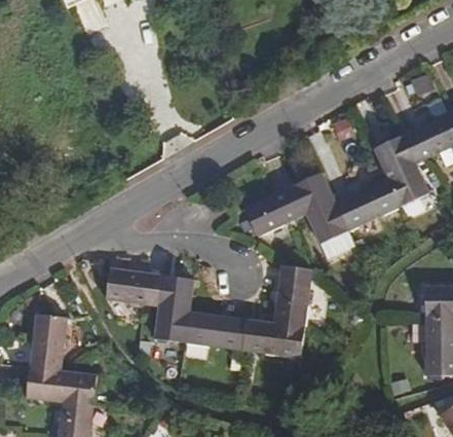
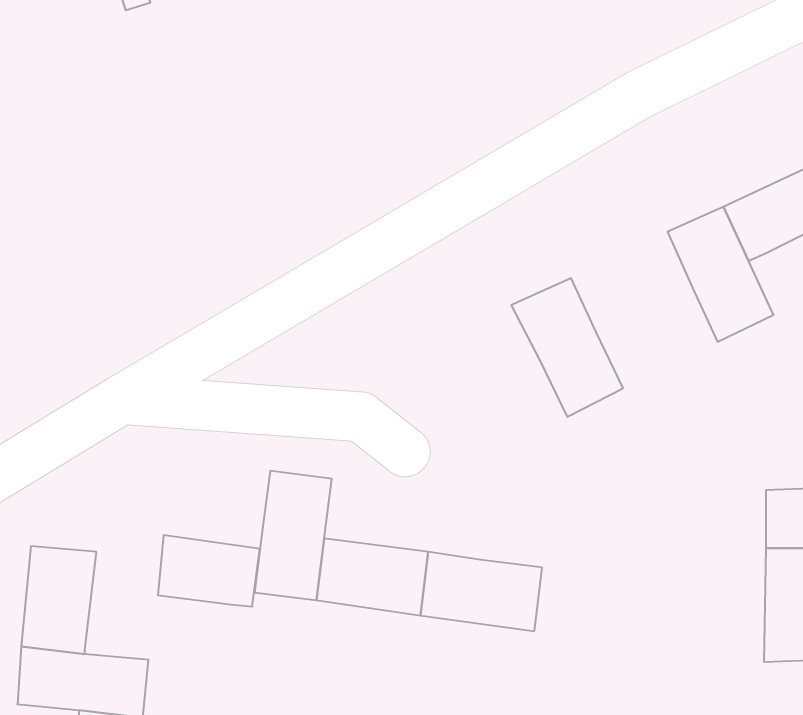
building: [335,176,400,229] -> none
building: [244,185,305,236] -> none
building: [273,265,313,325] -> none
building: [107,266,161,304] -> [158,535,260,607]

